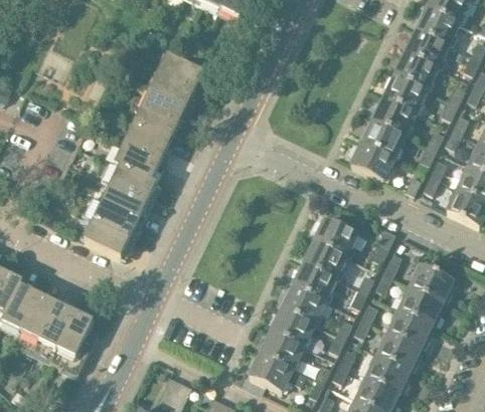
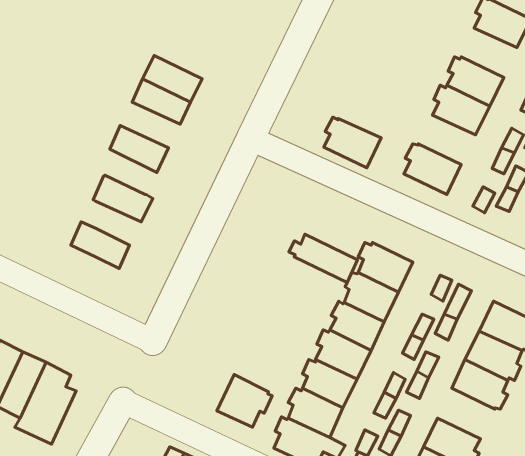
building: [395,50,439,89] -> none
building: [158,53,204,90] -> none
building: [132,109,178,144] -> none
building: [362,118,407,157] -> [324,117,381,168]
building: [115,145,160,180] -> none
building: [102,184,148,219] -> none
building: none -> [289,234,358,282]
building: [84,219,131,256] -> none
building: none -> [217,375,272,427]
building: [377,330,422,369] -> none

